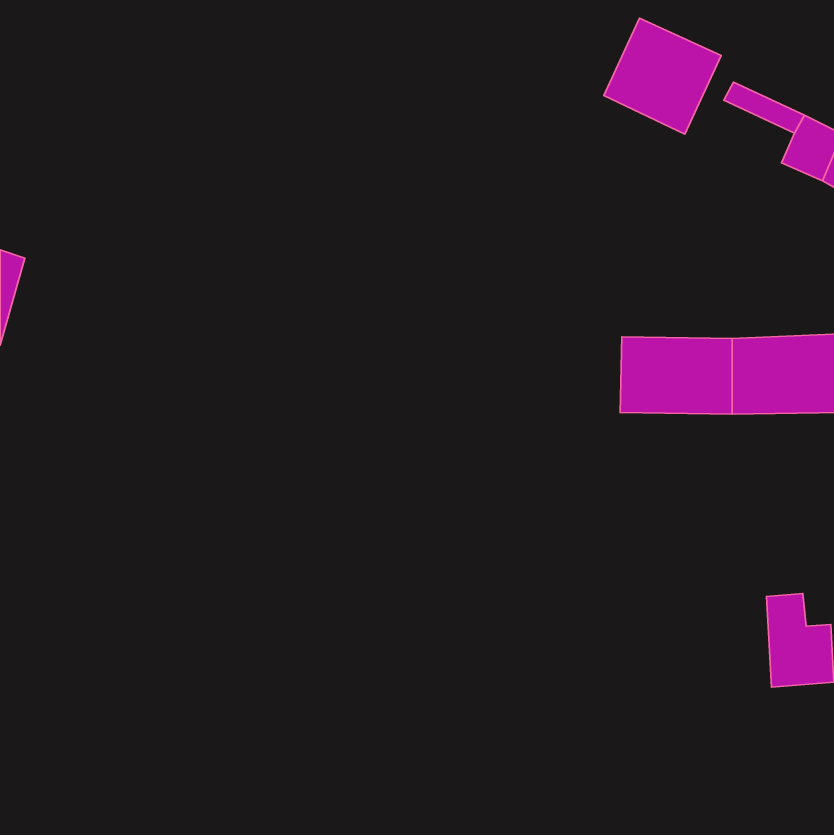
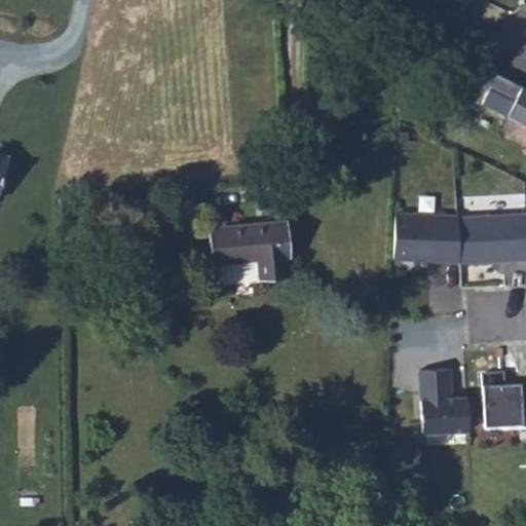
building: [604,18,721,134] -> none
building: none -> [220,219,310,279]
building: none -> [417,368,469,439]

